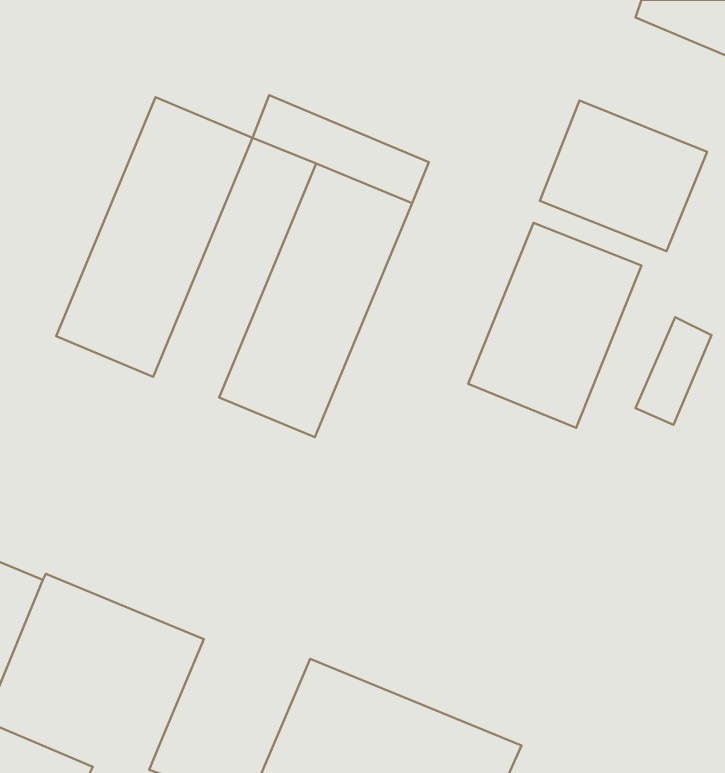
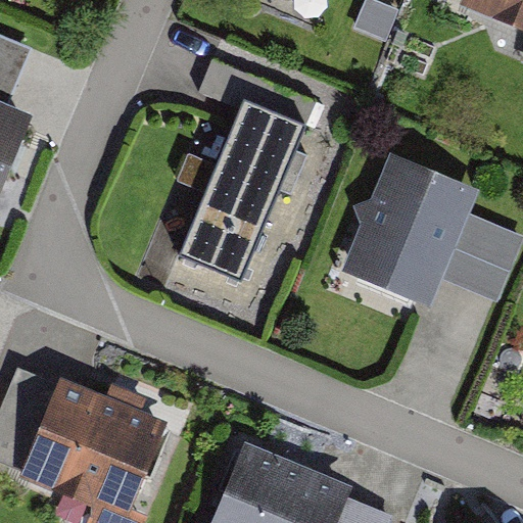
building: [56,97,252,377] -> none
building: [540,101,707,251] -> none

